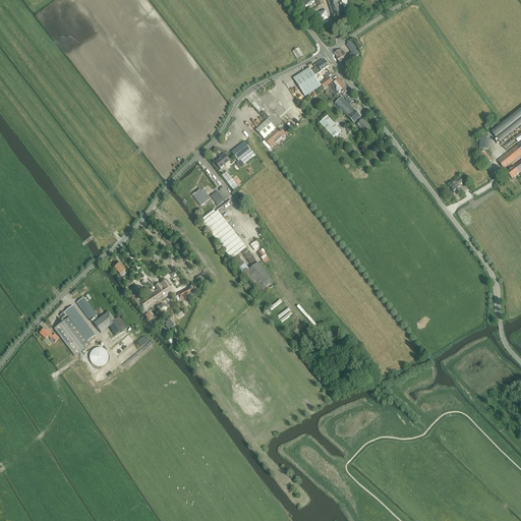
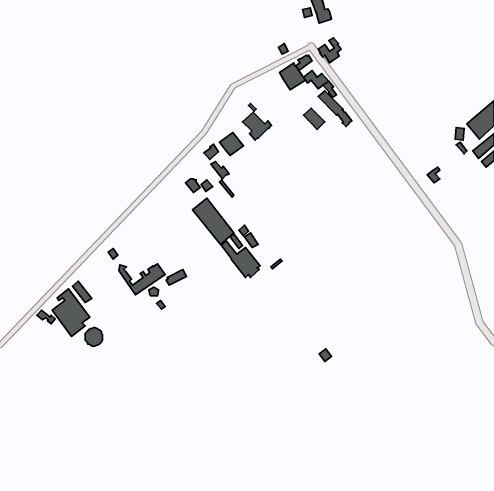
building: [94,309,125,334] -> none

